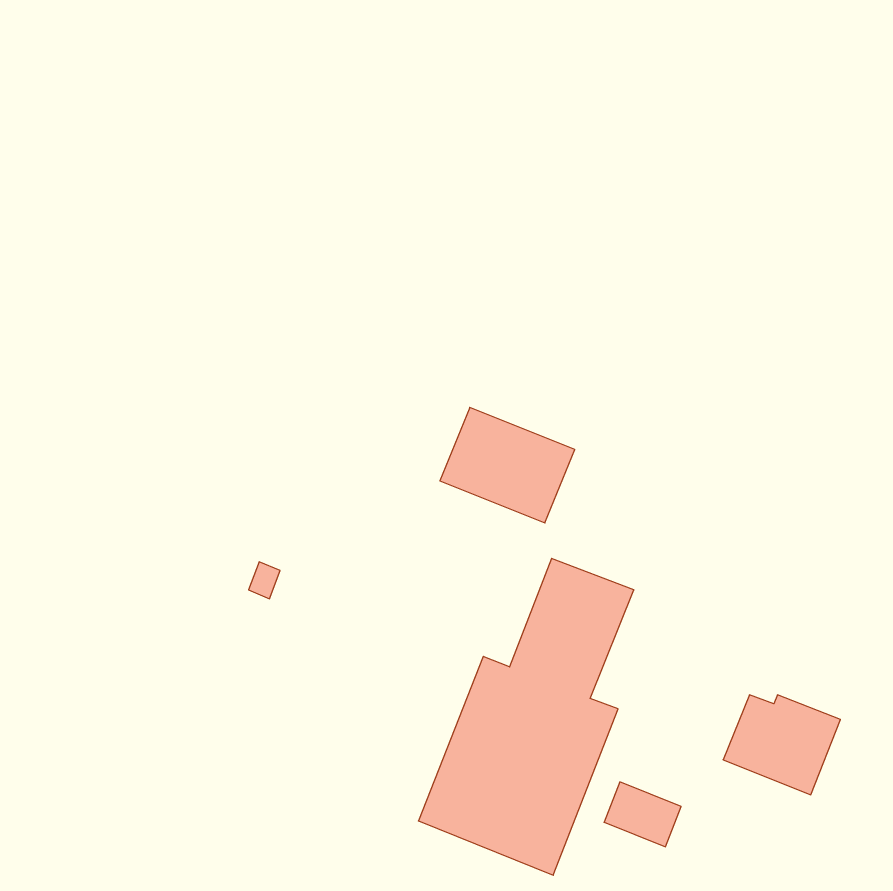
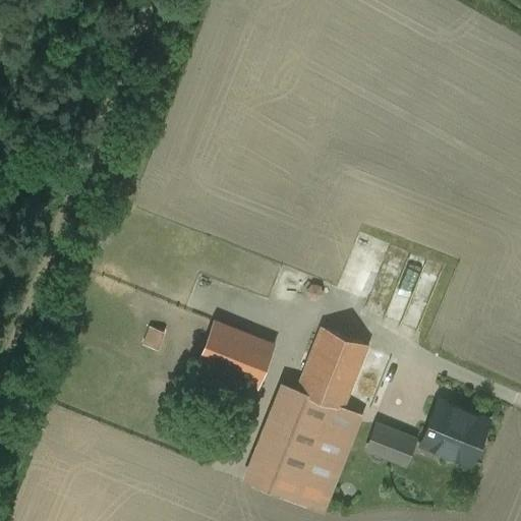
building: [440,407,575,523] -> [197,322,276,389]
building: [604,782,681,847] -> [369,425,414,463]

